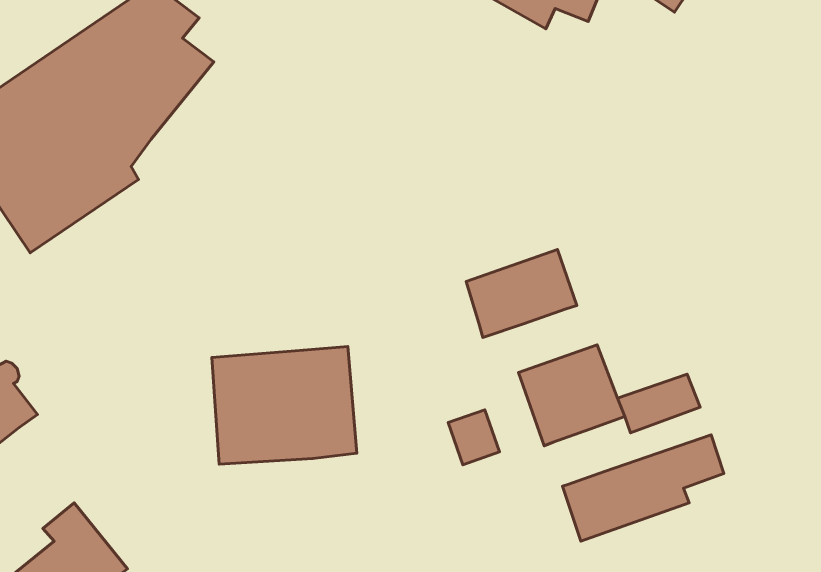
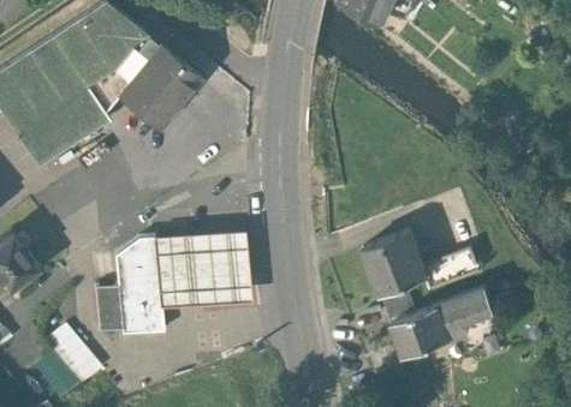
building: none -> [119,41,202,126]
building: [466,250,577,338] -> none
building: none -> [97,237,166,342]
building: [448,410,500,465] -> [382,283,416,319]

